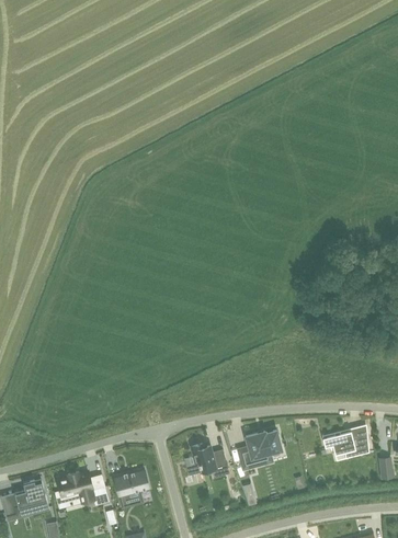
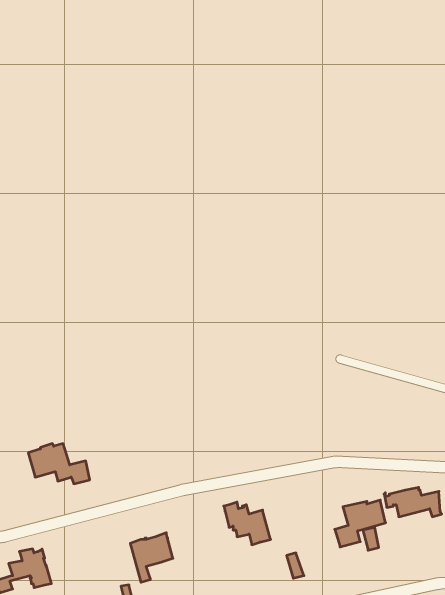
building: [238,430,280,468] -> [335,500,386,547]
building: [57,471,107,504] -> [28,444,90,484]

